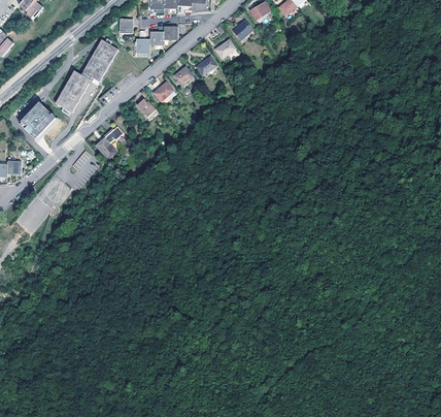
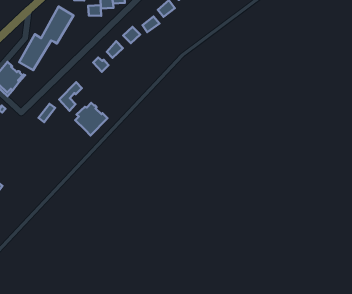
building: none -> [75,103,108,135]

